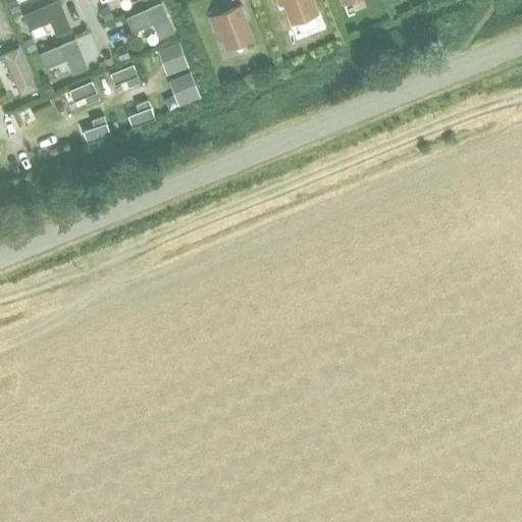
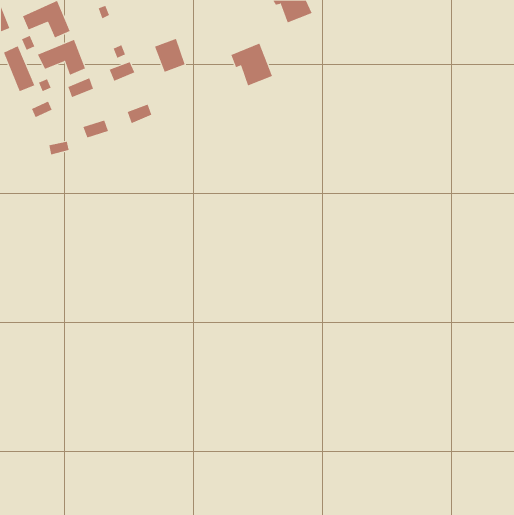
building: [126,5,174,40] -> none
building: [209,5,252,49] -> [230,43,273,86]
building: [169,70,201,104] -> none

